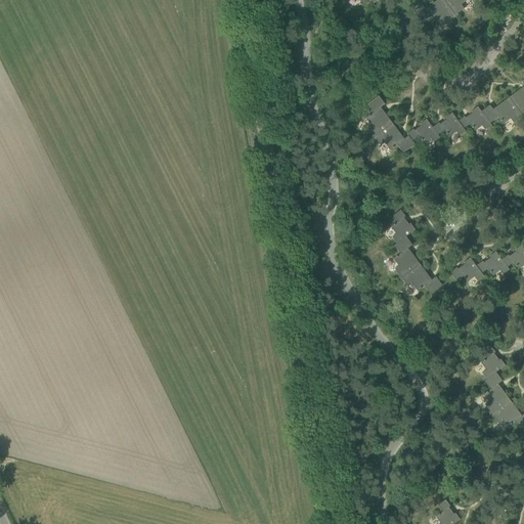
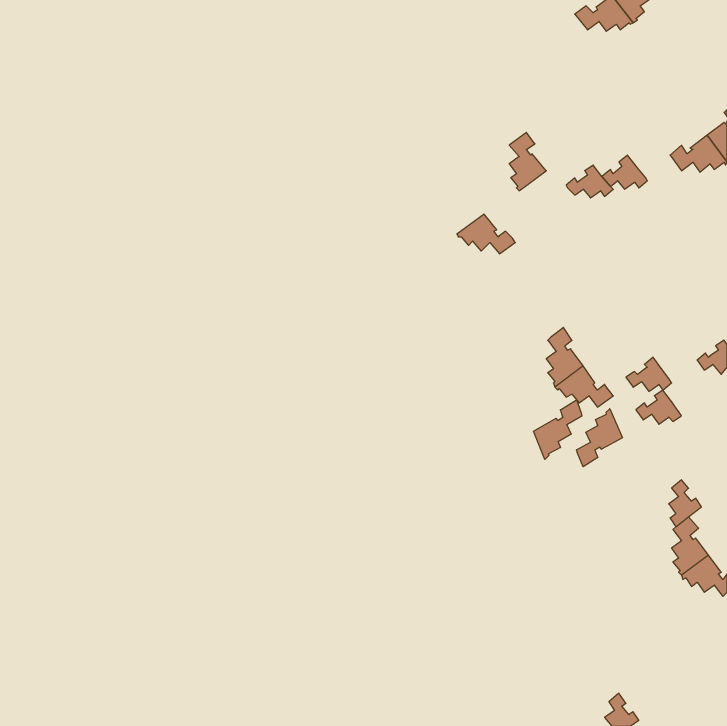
building: [458,106,492,131] -> none
building: [374,123,416,151] -> [457,214,515,254]
building: [391,210,414,243] -> none
building: [476,251,509,275] -> [636,390,681,424]
building: none -> [533,400,582,459]
building: none -> [577,409,622,467]

